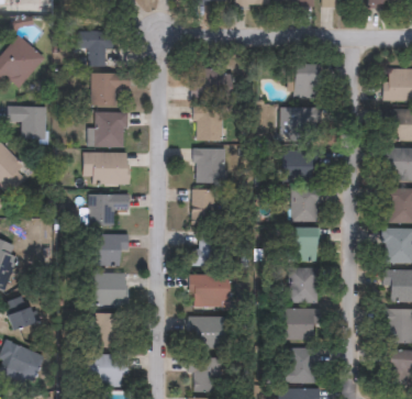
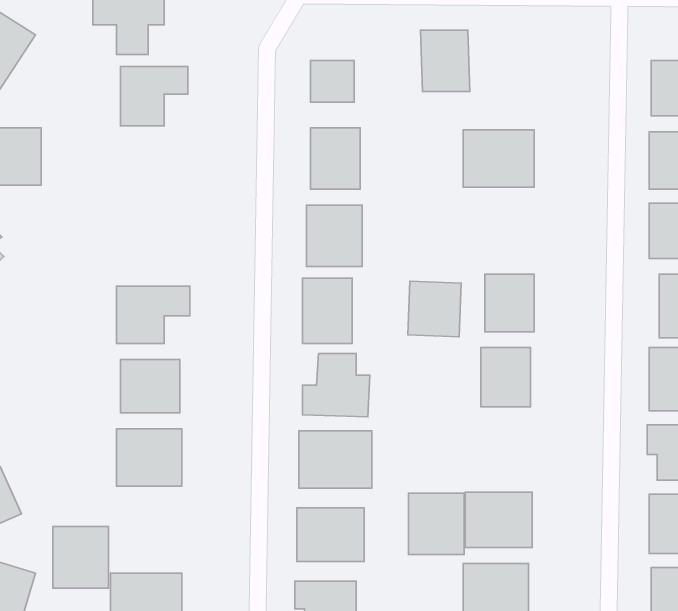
building: [291,63,319,97] -> [420,30,470,92]
building: [94,112,126,146] -> none
building: [285,151,314,181] -> [408,281,461,337]
building: [83,153,129,184] -> none
building: [290,268,321,302] -> [409,493,464,555]
building: [94,312,125,346] -> [53,527,108,588]

